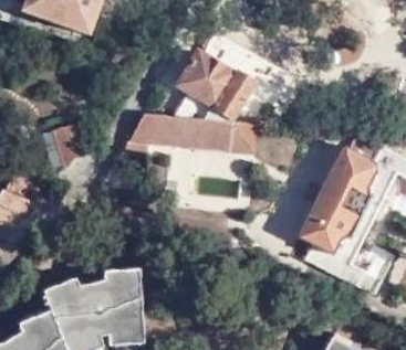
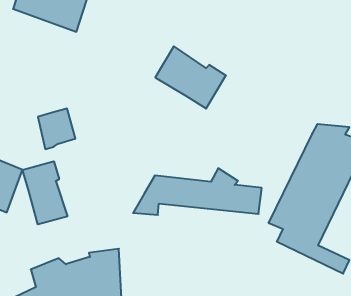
building: [119,106,257,156] -> [133,168,262,215]
building: none -> [22,161,67,224]

